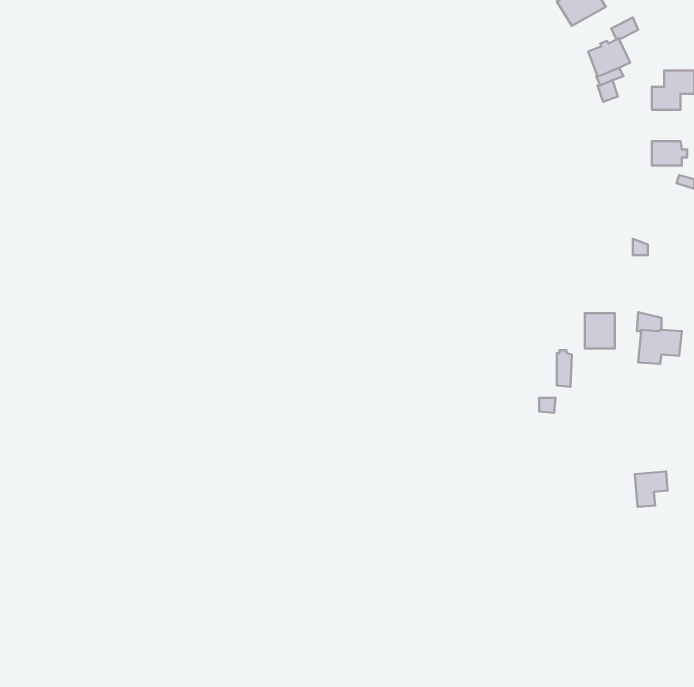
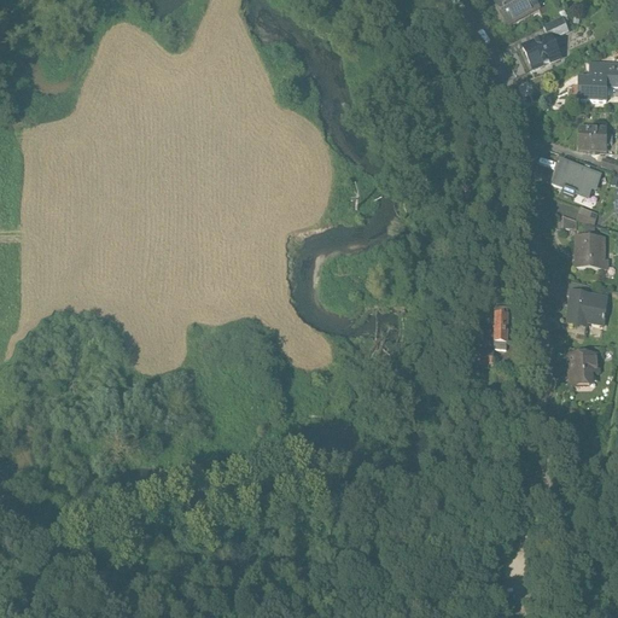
building: none -> [550,158,599,194]
building: [585,313,615,349] -> [576,234,602,266]
building: [635,472,667,507] -> [569,352,597,384]

